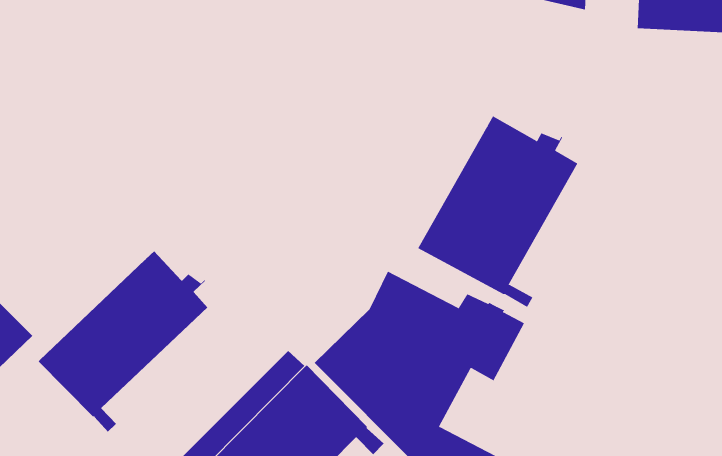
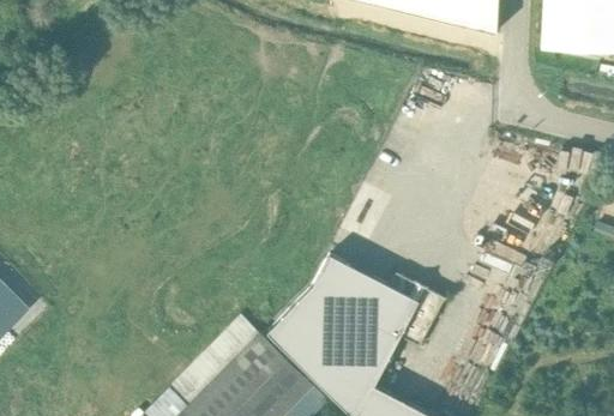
building: [417,116,578,308] -> none
building: [38,250,208,433] -> none

